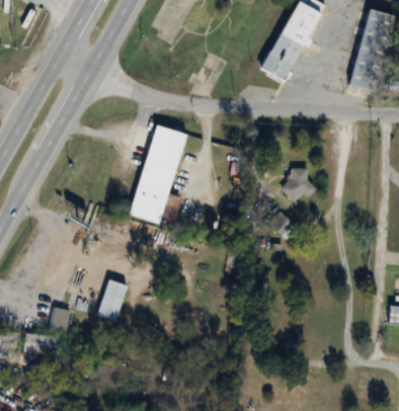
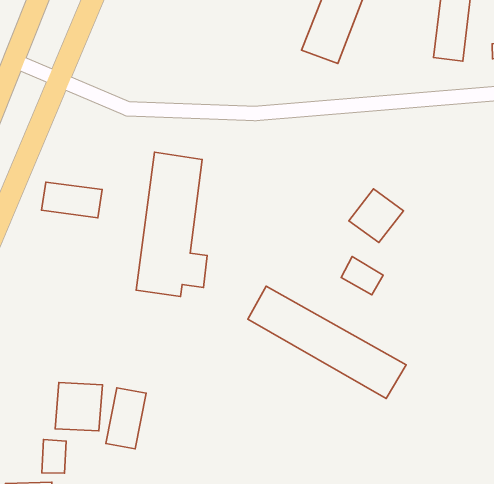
building: none -> [42,182,102,218]
building: none -> [248,286,406,398]
building: none -> [55,382,103,431]

